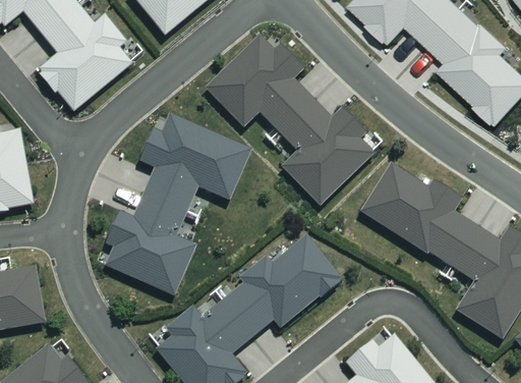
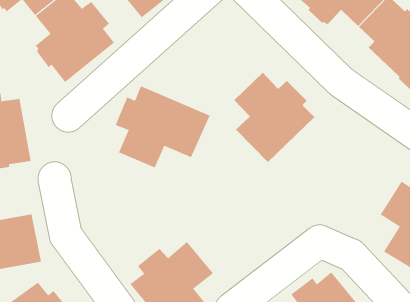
building: [202,35,311,131] -> none
building: [358,163,475,267] -> none
building: [103,194,194,296] -> none
building: [222,235,340,336] -> none

